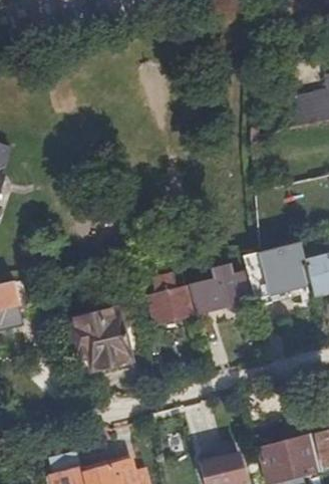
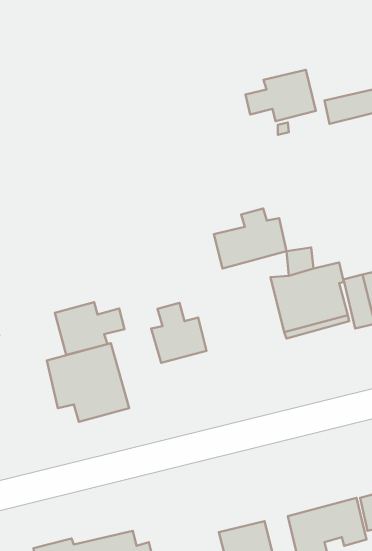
building: none -> [245,70,316,121]
building: [190,264,249,313] -> [214,208,286,268]
building: none -> [55,302,125,355]

